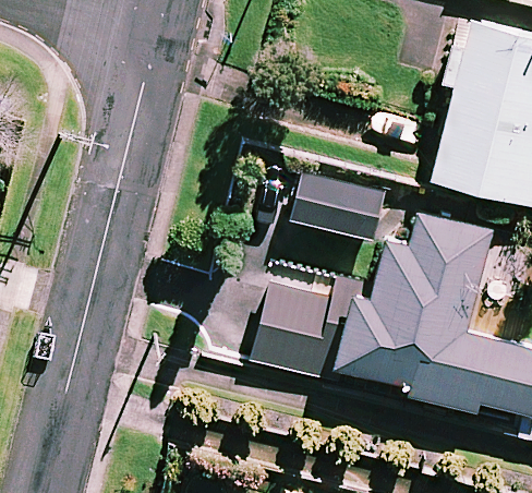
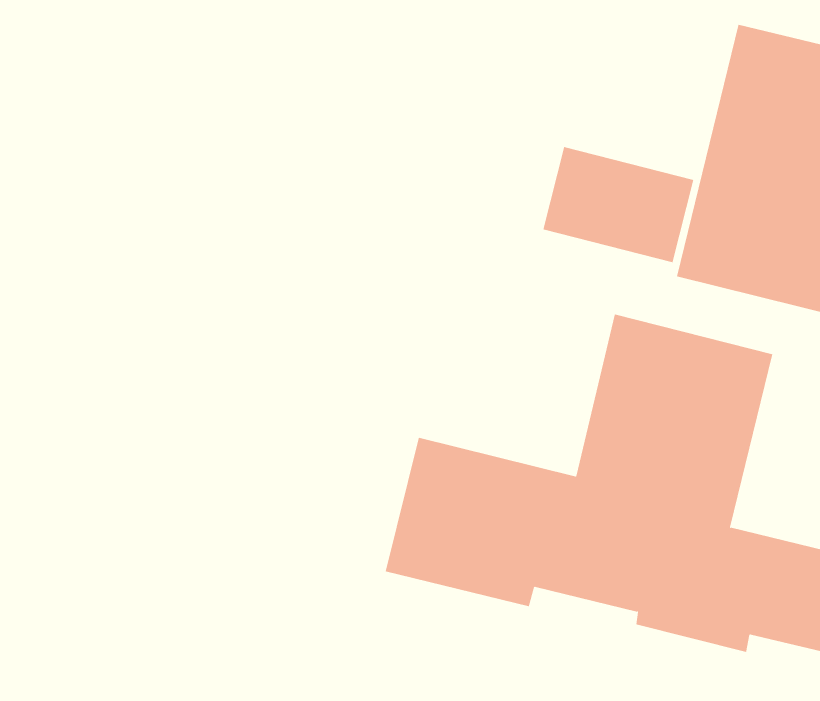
building: [291,170,385,242] -> [542,146,694,263]

